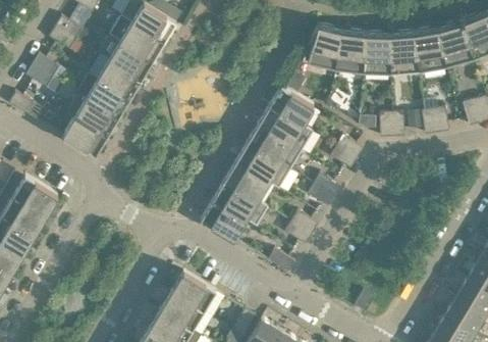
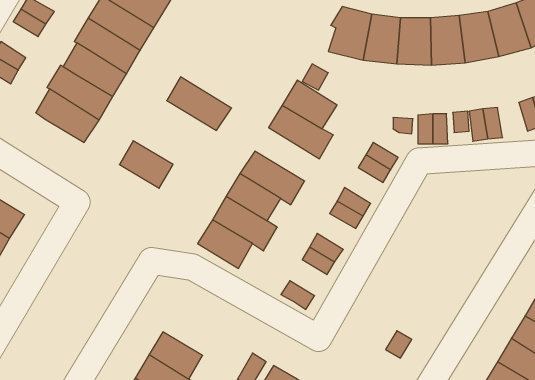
building: [63,116,107,155] -> [119,141,173,188]
building: [247,124,300,167] -> [167,77,232,130]
building: [171,271,216,310] -> none

